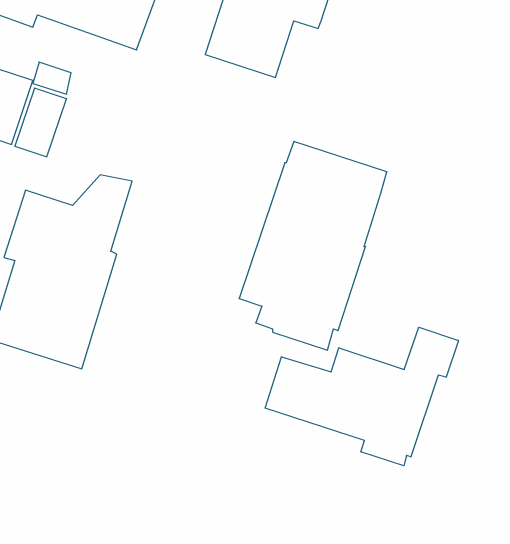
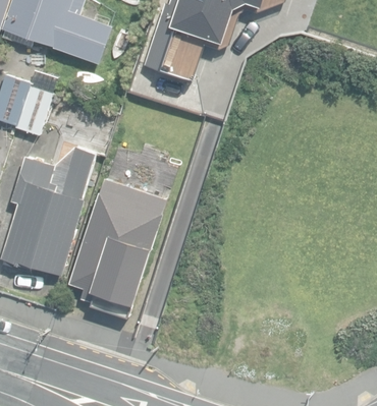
building: [239,141,387,350] -> [68,177,167,316]
building: [265,327,458,466] -> none

